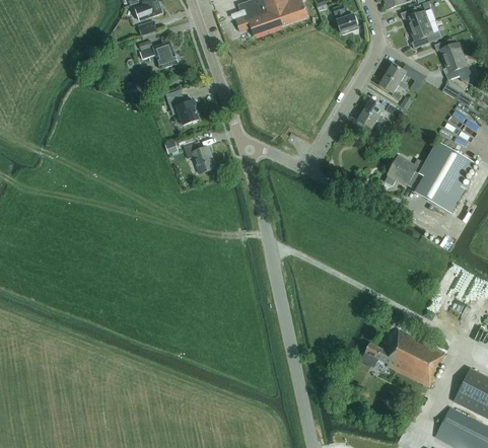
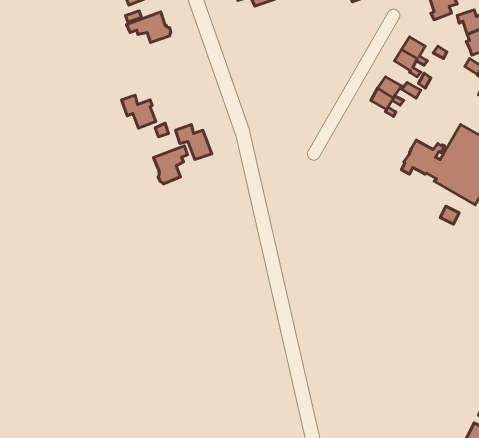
building: [167,95,198,125] -> [122,95,156,128]
building: none -> [154,146,187,184]
building: [360,329,444,386] -> none

